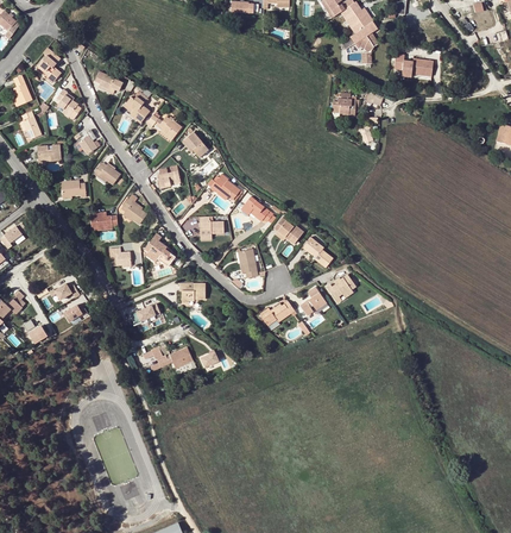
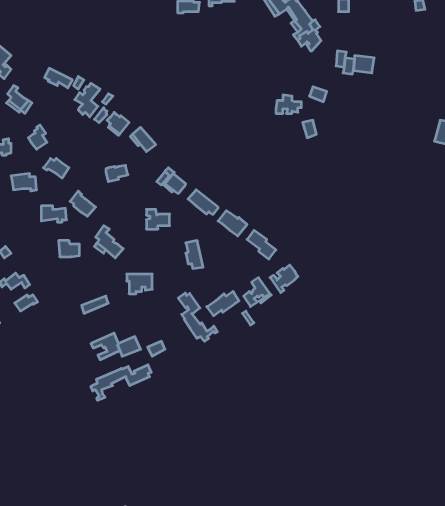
building: none -> [178,293,217,341]
building: none -> [91,365,151,400]

